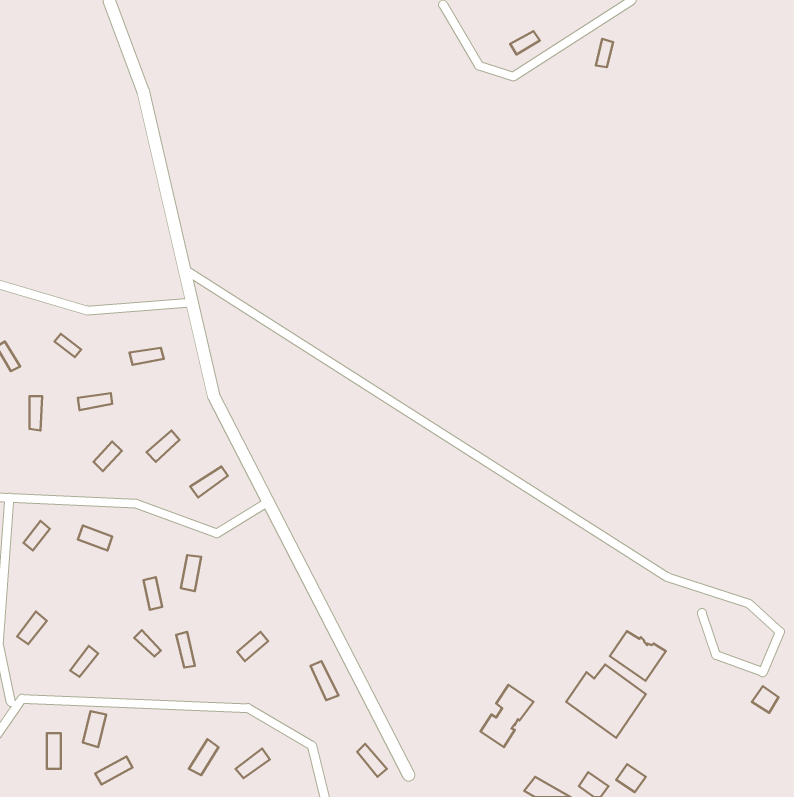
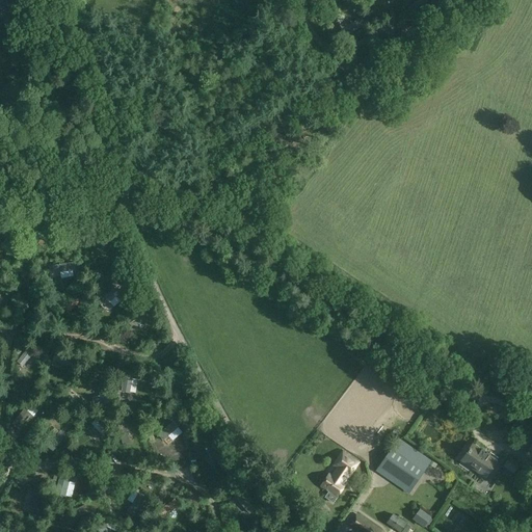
building: [610,631,666,681] -> [459,445,497,478]

